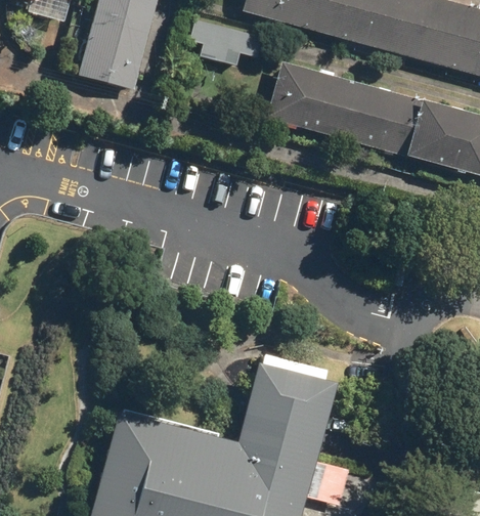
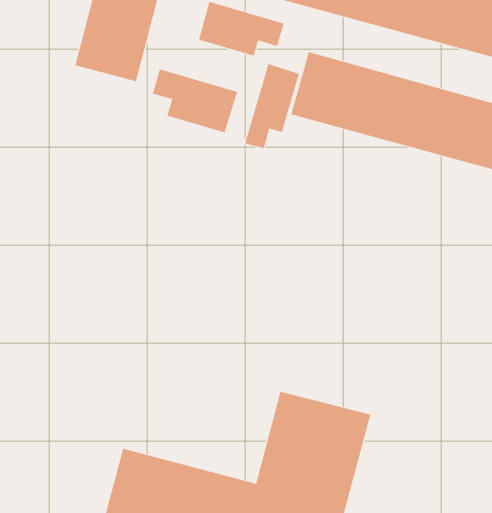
building: none -> [245,63,300,149]
building: none -> [152,69,238,133]

